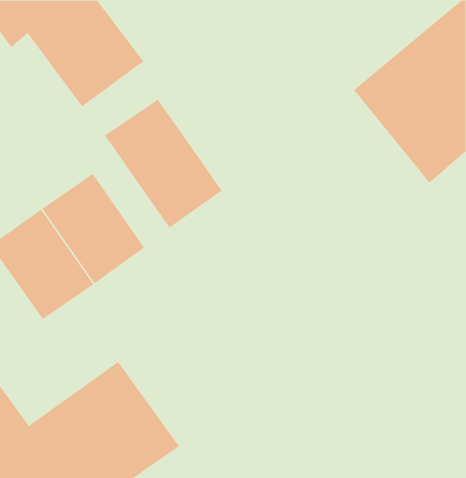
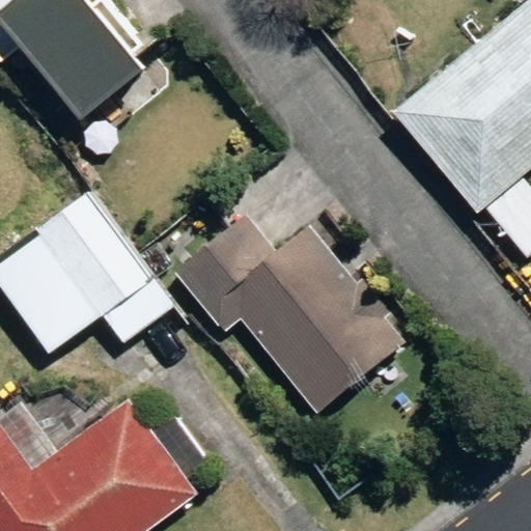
building: [104,99,222,228] -> none
building: none -> [177,215,401,413]

